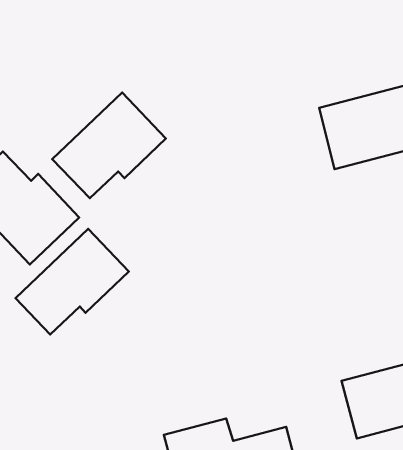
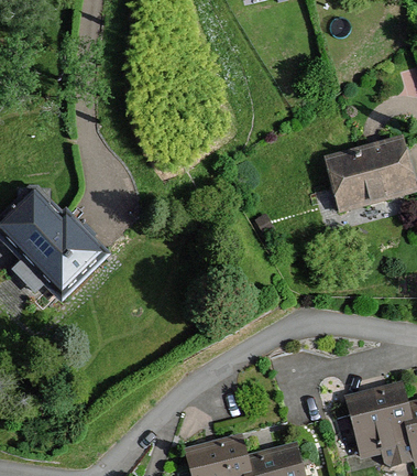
building: [52,93,166,198] -> none
building: [16,229,129,334] -> none

